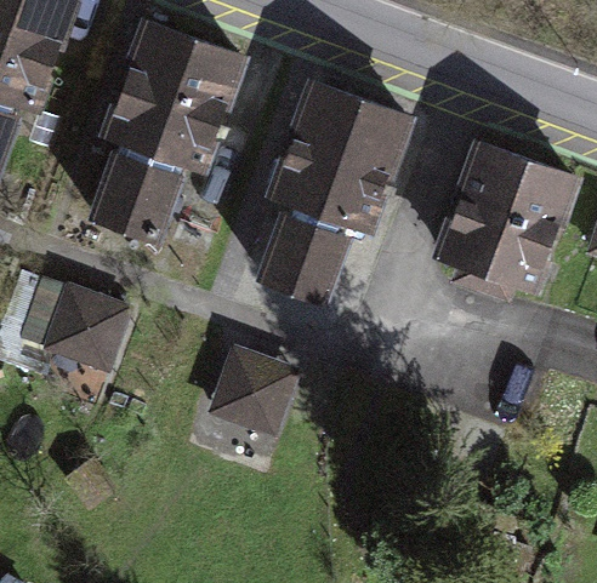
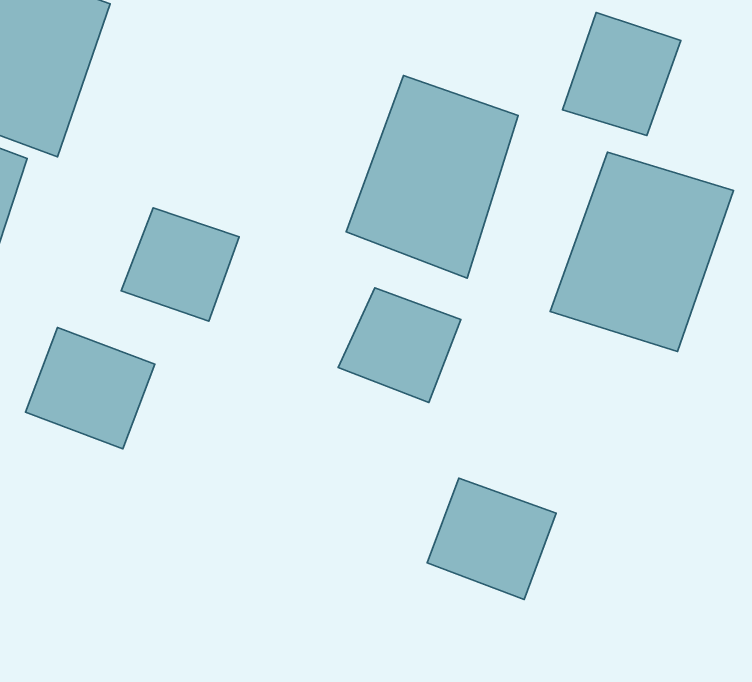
building: none -> [562,12,681,136]
building: [106,40,255,200] -> none
building: [193,336,291,428] -> [427,478,556,599]

